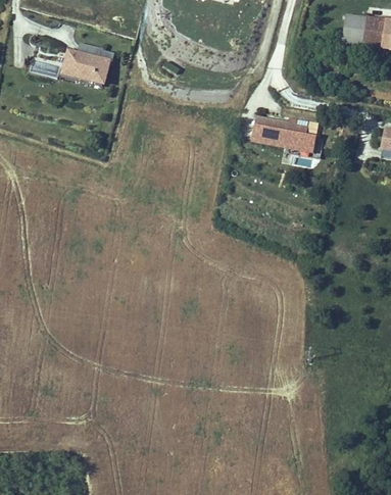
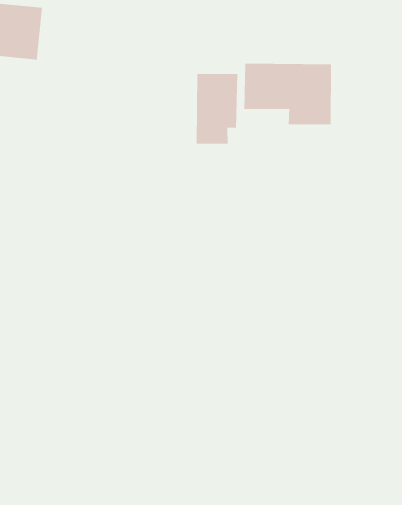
building: none -> [196,73,238,144]

